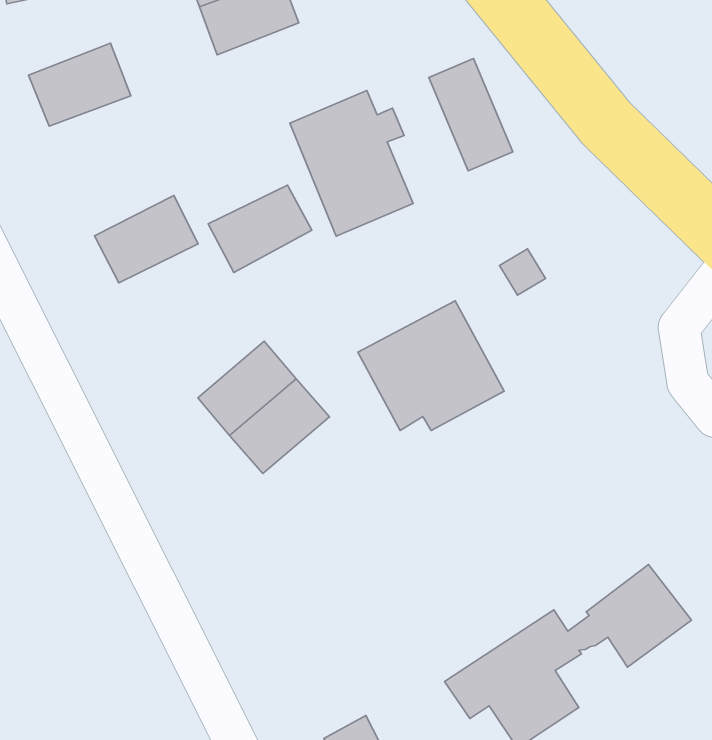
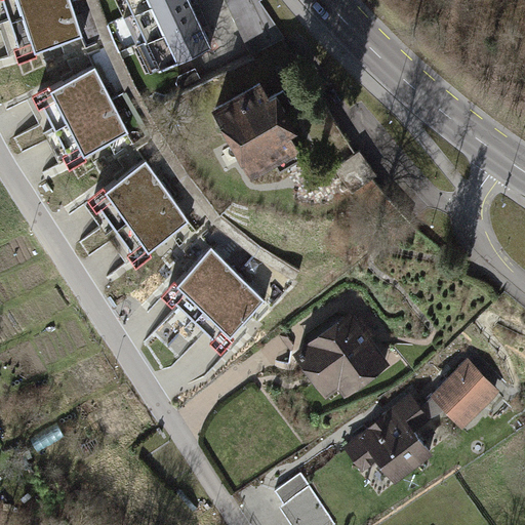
building: [429,58,513,171] -> none
building: none -> [63,103,127,158]
building: [208,185,312,273] -> [117,191,183,249]
building: [358,301,504,431] -> [294,313,389,398]

